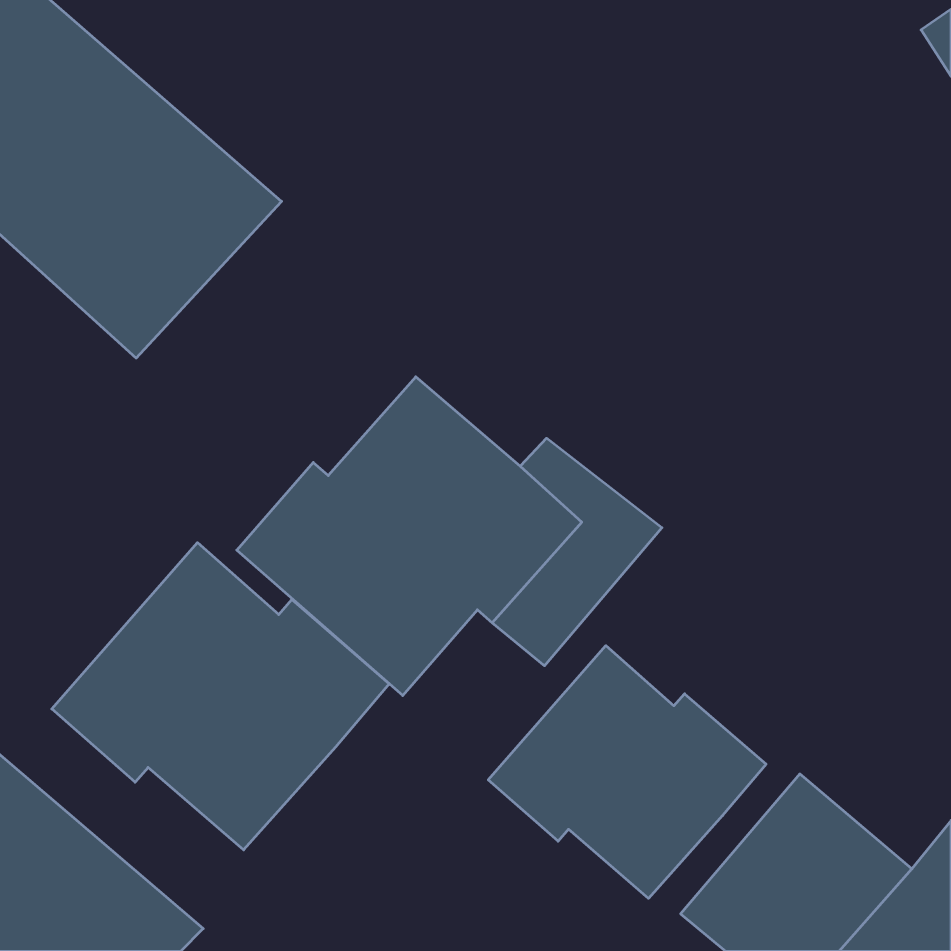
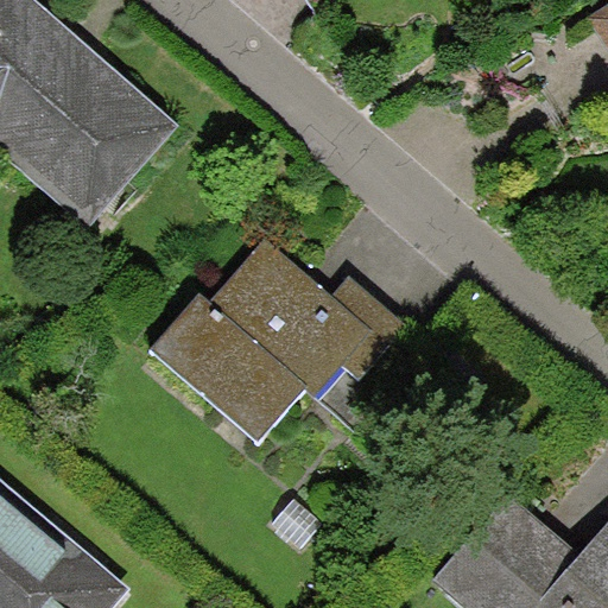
building: [52,543,389,850] -> none
building: [488,646,766,898] -> none

